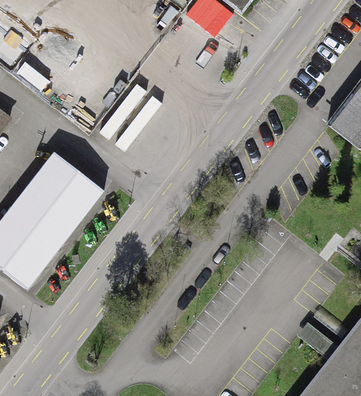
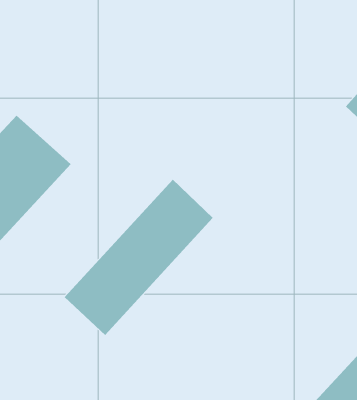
building: none -> [64,179,213,336]

